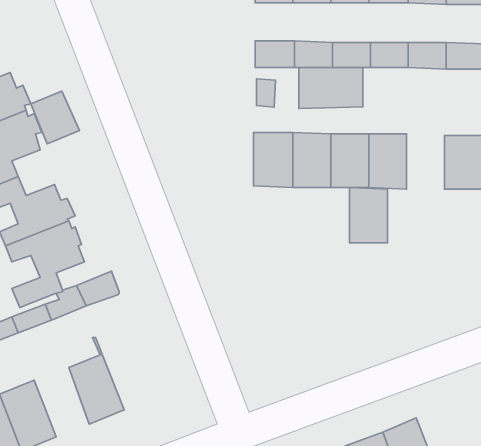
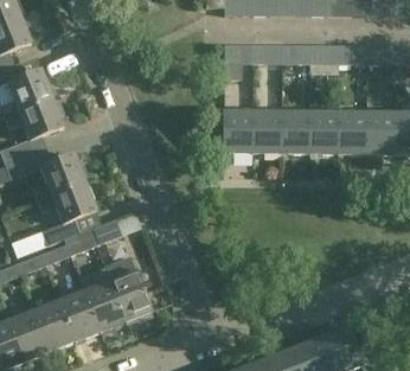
building: [299,68,363,108] -> none
building: [31,91,80,144] -> none
building: [349,188,387,243] -> [339,113,367,154]
building: none -> [105,256,152,321]
building: none -> [59,288,101,340]

